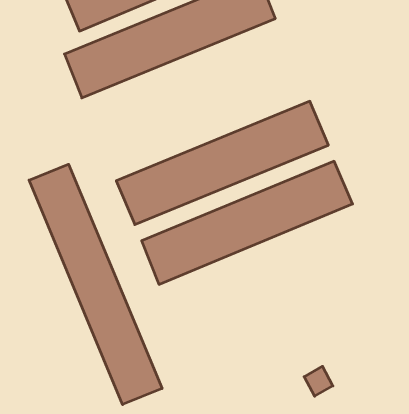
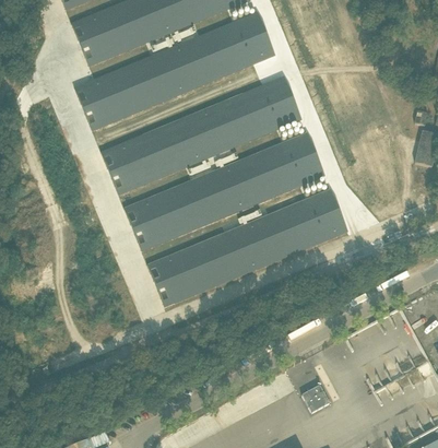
building: none -> [100,76,301,193]
building: [29,164,162,405] -> none

